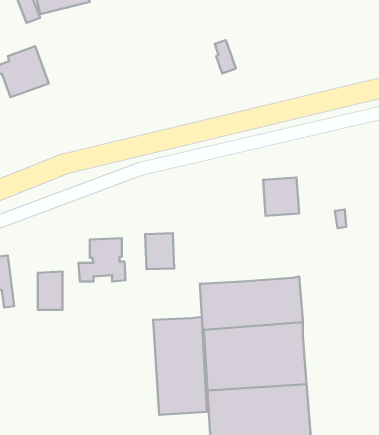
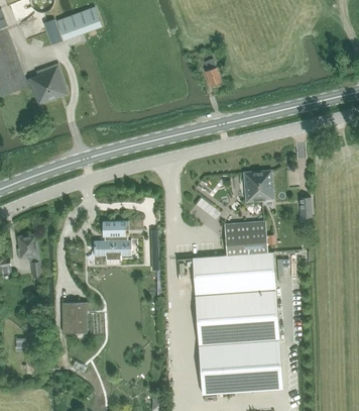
building: [145,233,174,269] -> none
building: none -> [223,221,267,255]
building: [38,271,63,310] -> [62,302,82,333]
building: [153,317,207,415] -> none

